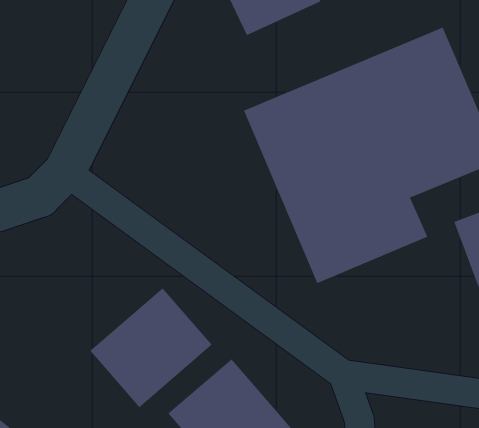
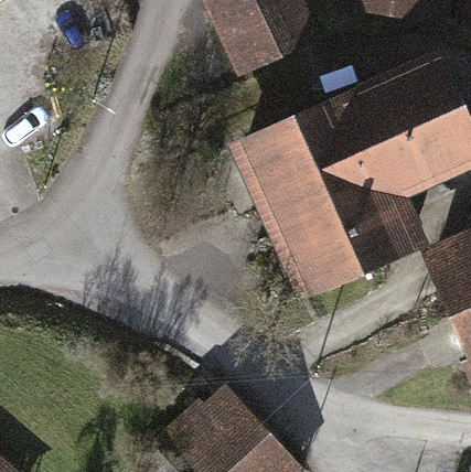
building: [89,287,213,408] -> none

